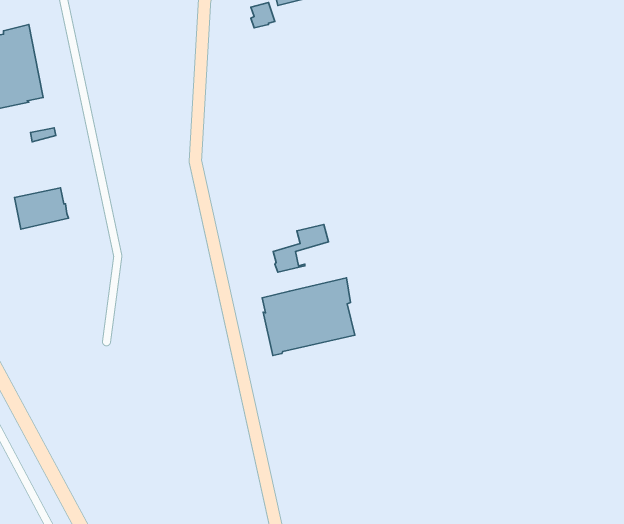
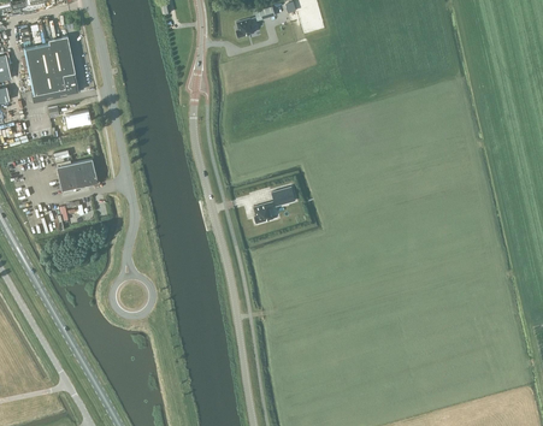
building: [262,278,355,356] -> none

